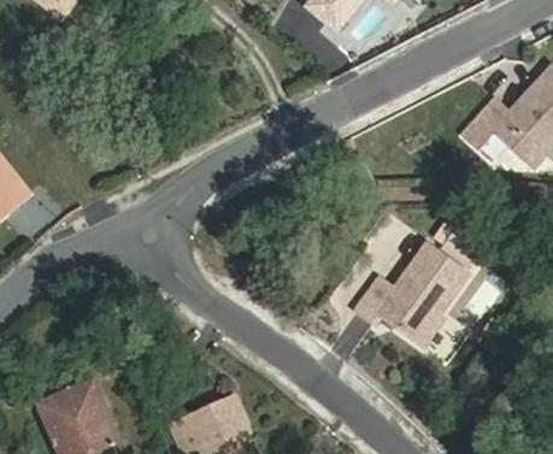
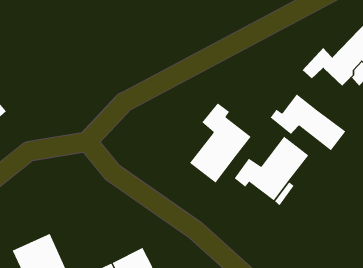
building: none -> [270,94,346,151]
building: none -> [189,103,252,183]

